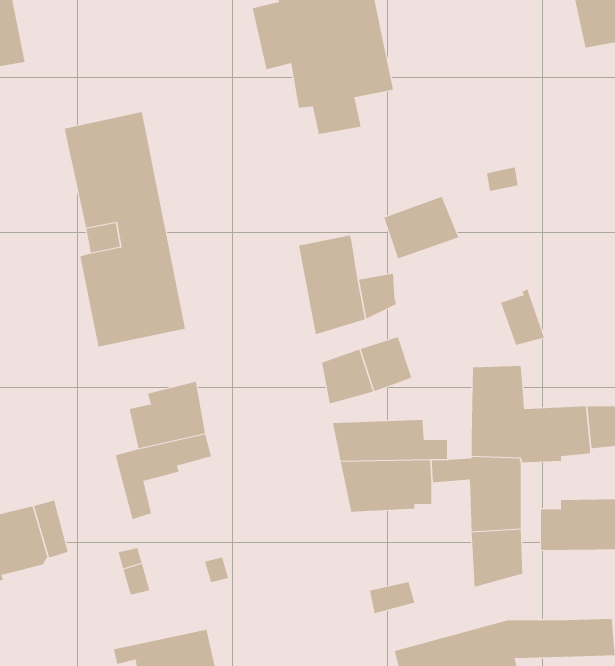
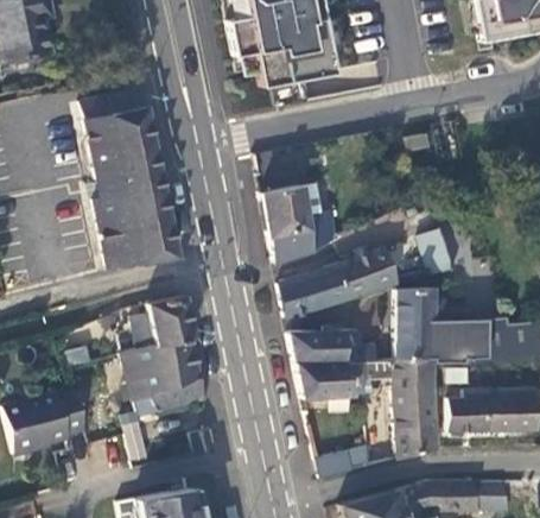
building: [384,196,459,259] -> [341,246,399,295]
building: none -> [145,355,205,411]

